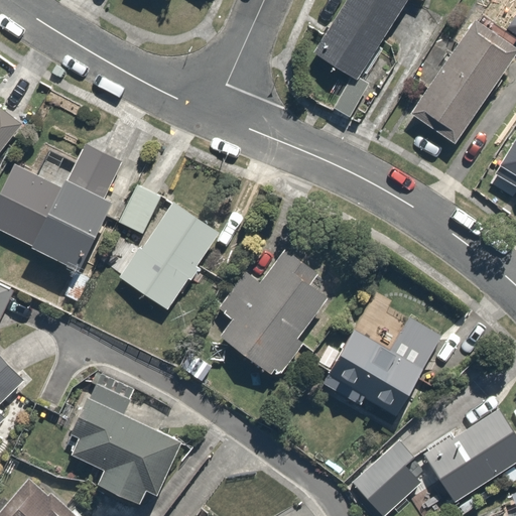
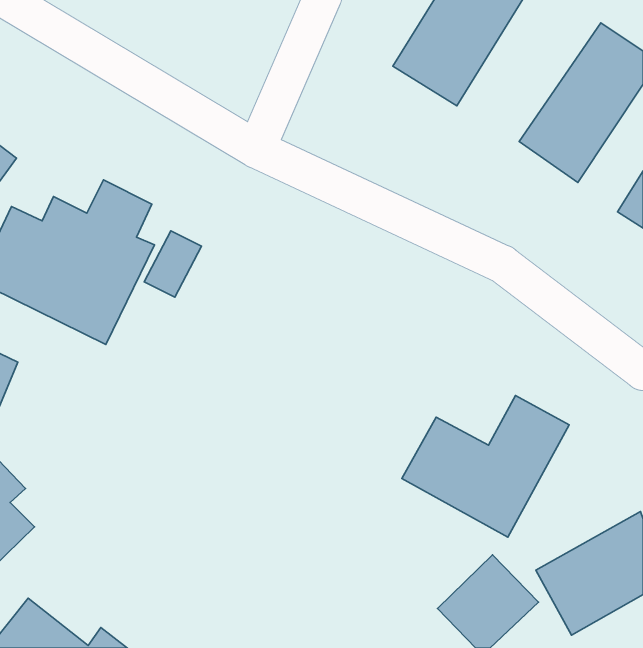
building: [108,202,222,312] -> none
building: [212,247,345,382] -> none
building: [59,398,183,505] -> none

